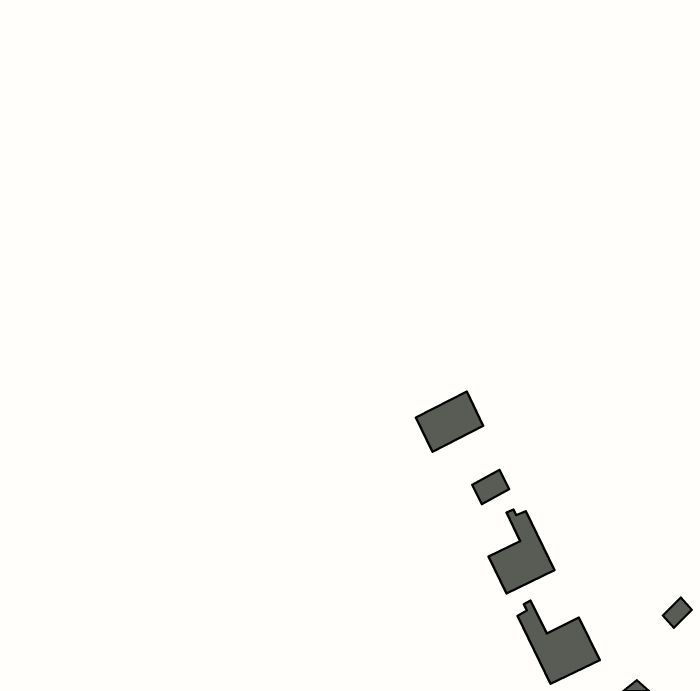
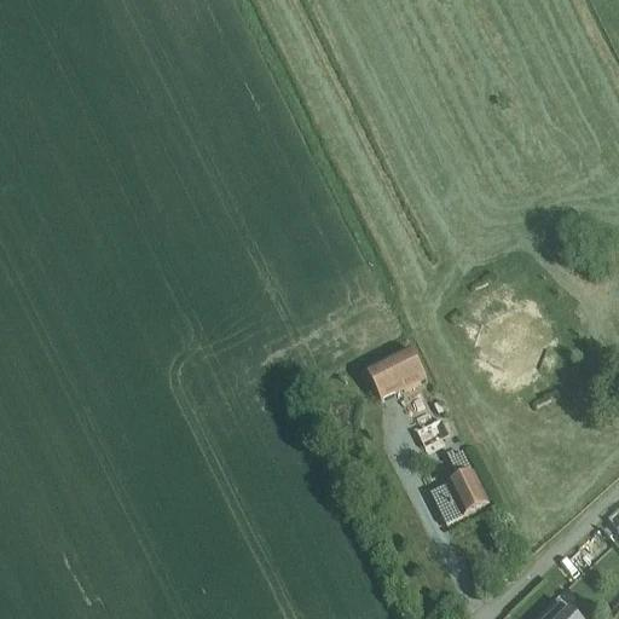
building: [518,600,600,684] -> none

